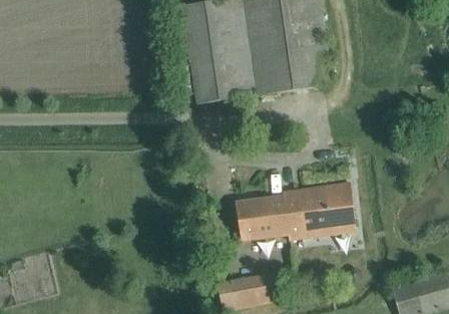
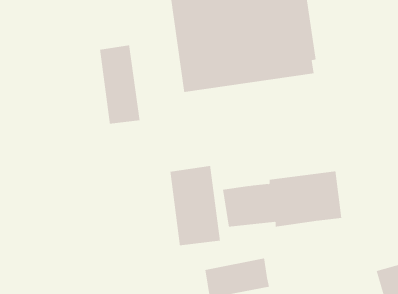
building: none -> [99,44,140,125]
building: none -> [170,165,221,246]

